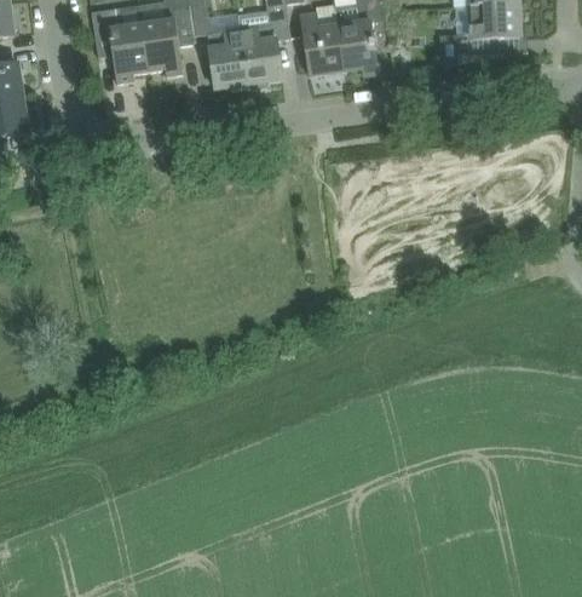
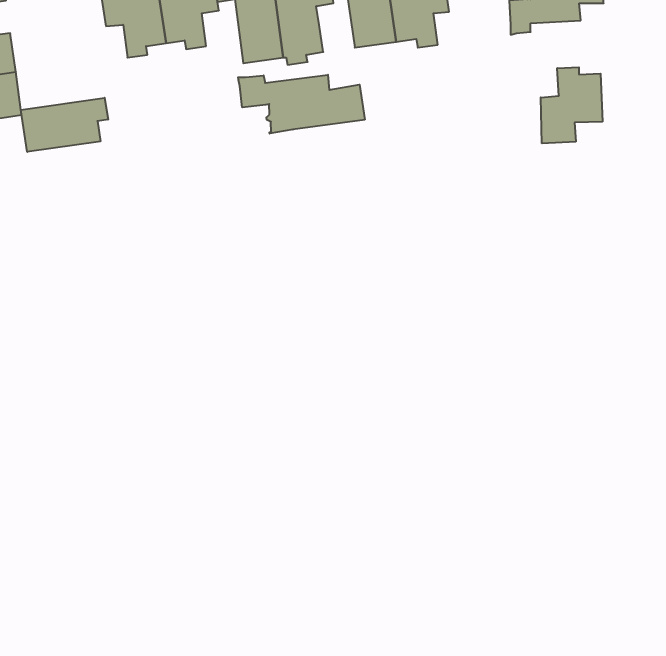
building: none -> [541,67,602,143]
building: none -> [238,75,365,134]
building: none -> [21,98,108,152]

